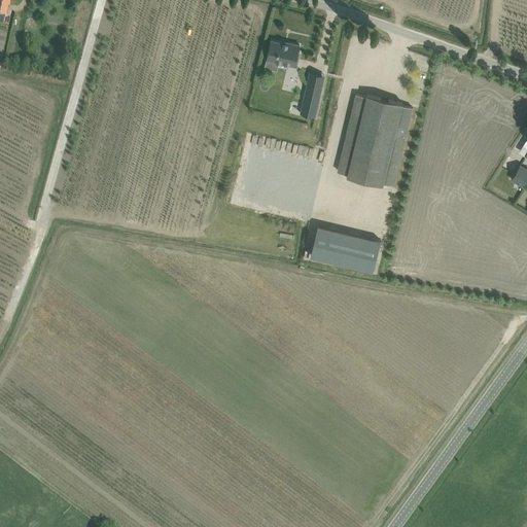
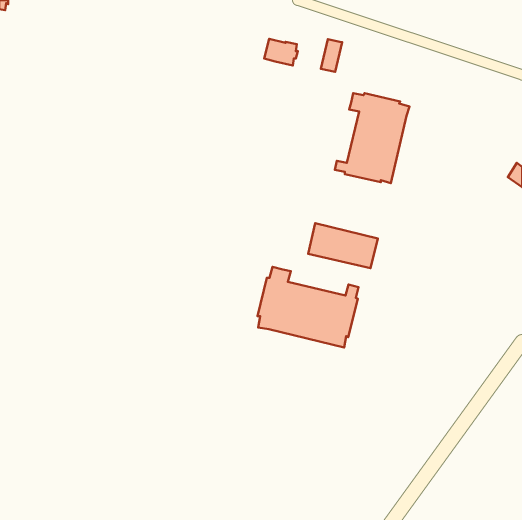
building: [300,86,321,119] -> [321,39,342,72]
building: none -> [257,267,359,348]

